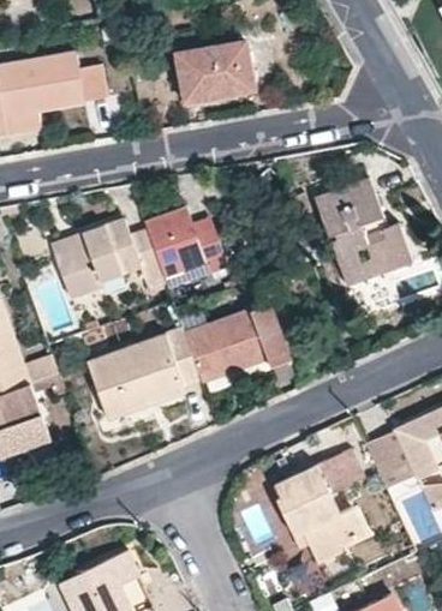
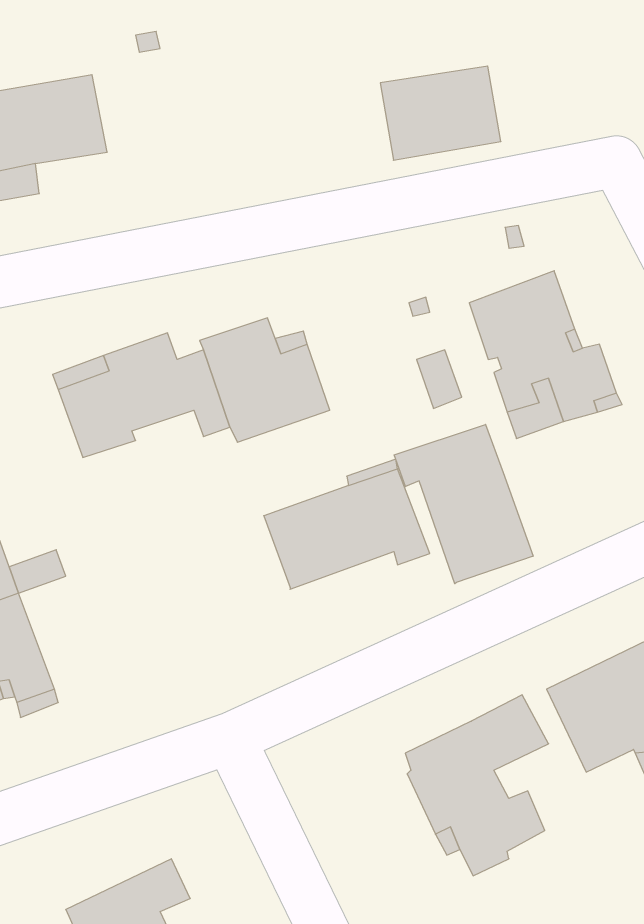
building: [178,42,255,102] -> [380,66,501,160]
building: none -> [394,424,533,584]
building: [89,329,202,417] -> none

